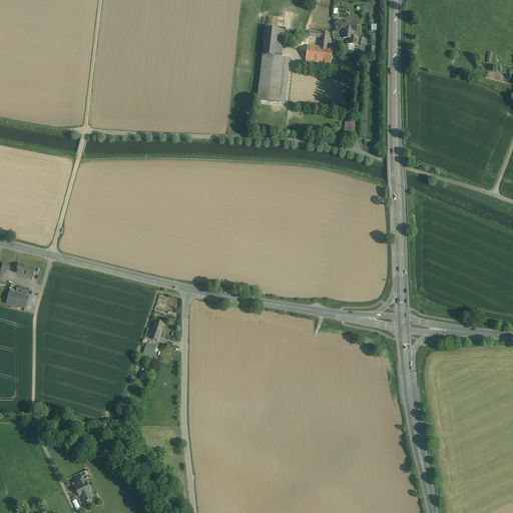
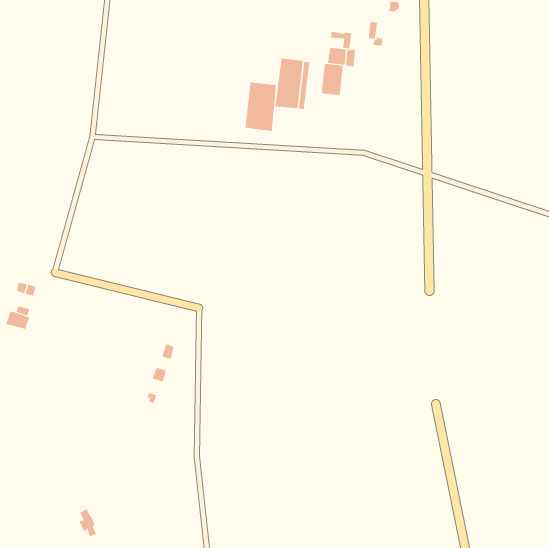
building: [262,26,283,56] -> [321,63,344,96]
building: none -> [245,81,276,132]

